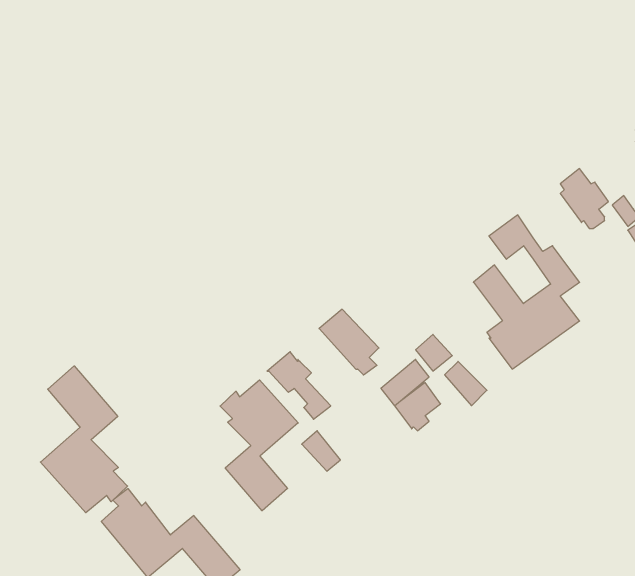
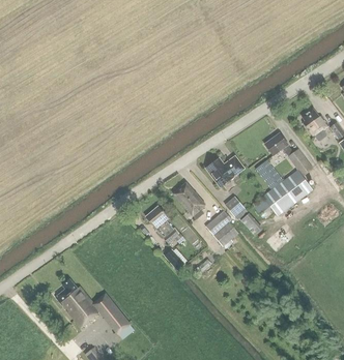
building: none -> [206,155,243,185]
building: [40,366,128,513] -> none
building: [220,380,298,511] -> none

